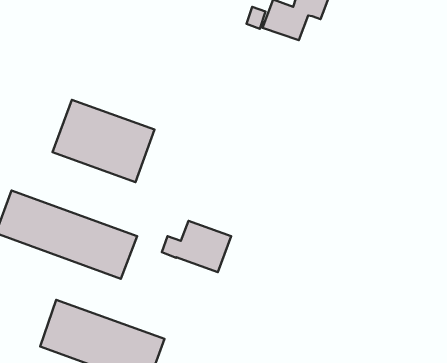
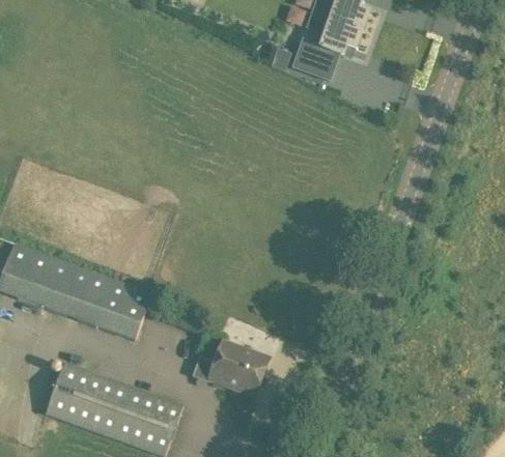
building: [53,100,155,182] -> none
building: [162,221,231,272] -> [193,340,269,396]

